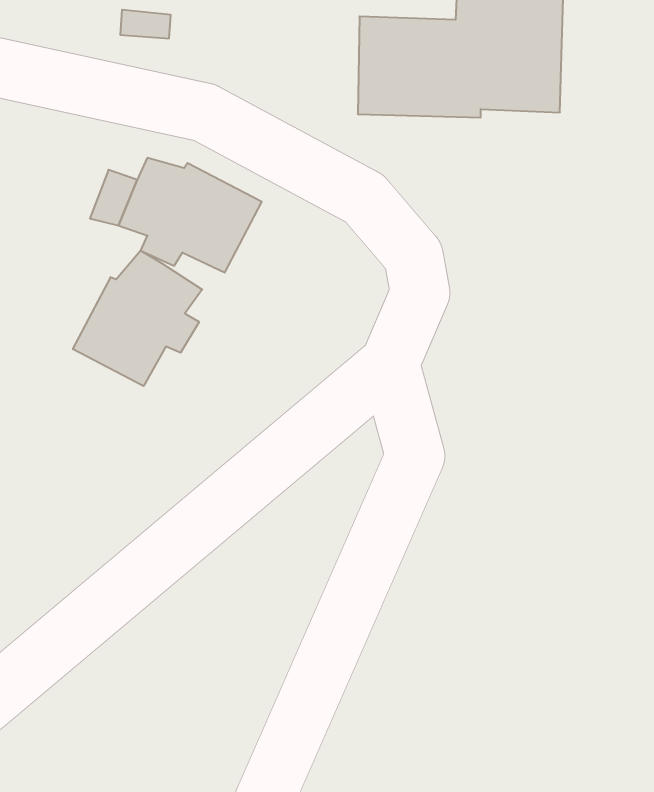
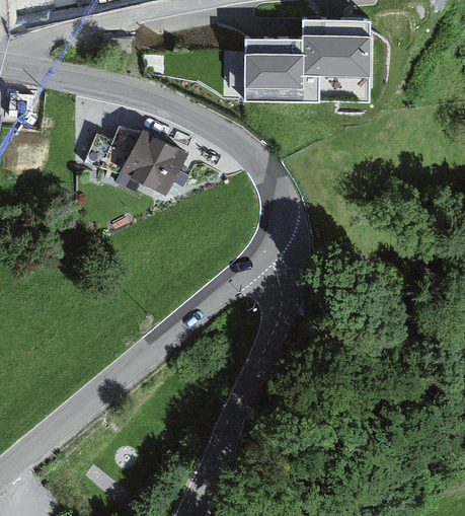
building: [73,251,202,386] -> none

